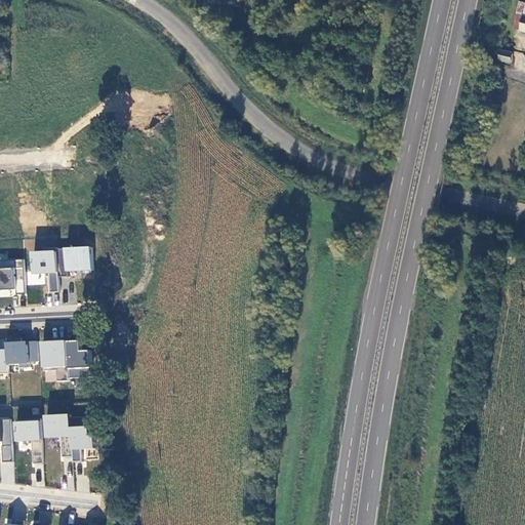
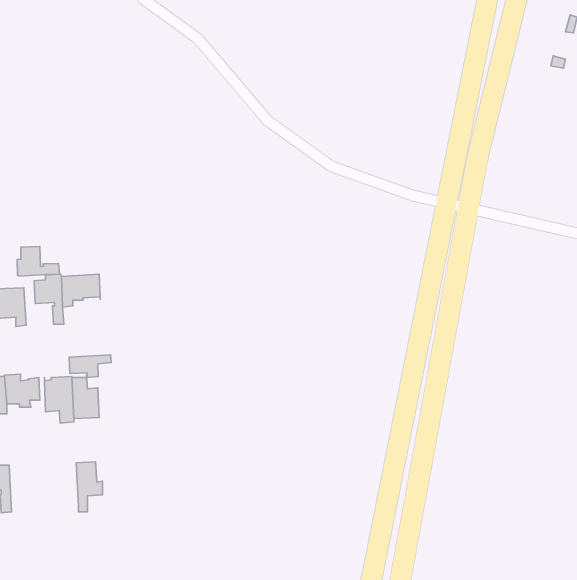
building: none -> [17,246,59,276]
building: none -> [69,355,111,378]
building: [44,414,71,457] -> none
building: [13,418,41,463] -> none

